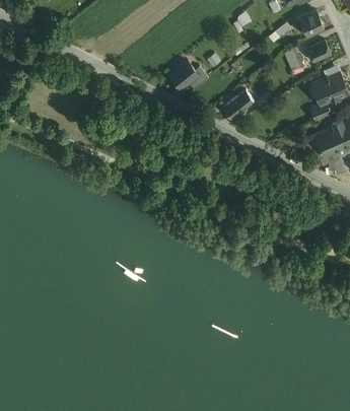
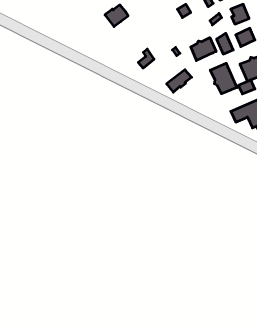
building: none -> [191,38,216,61]
building: [168,61,197,87] -> [105,5,128,27]
building: none -> [210,63,237,94]

